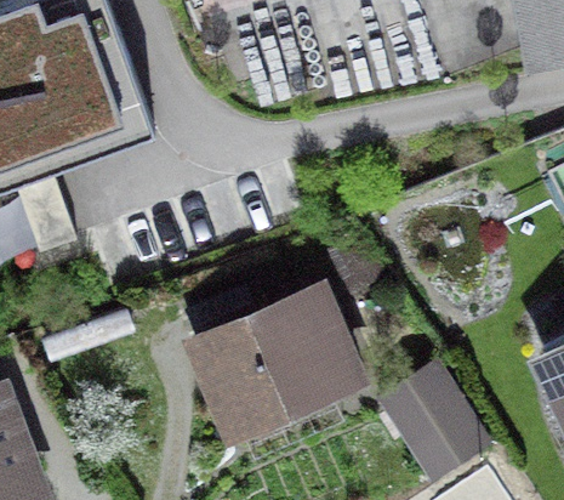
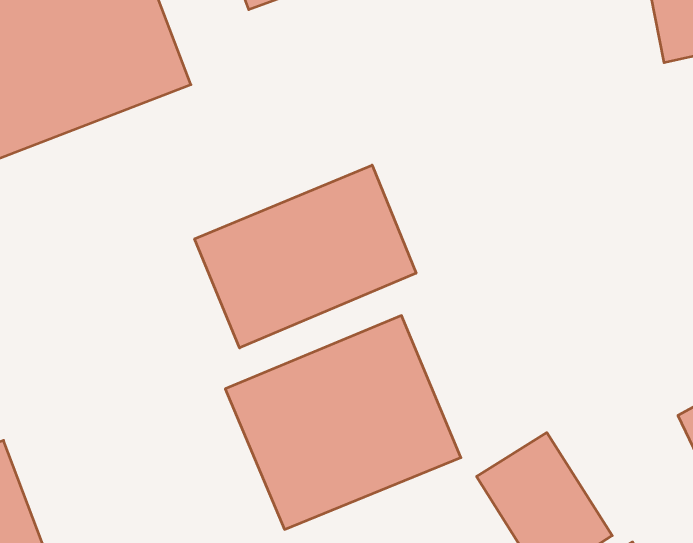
building: none -> [195,165,416,348]

